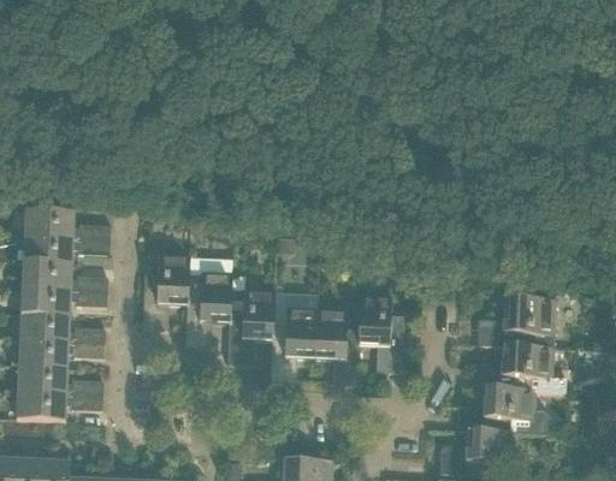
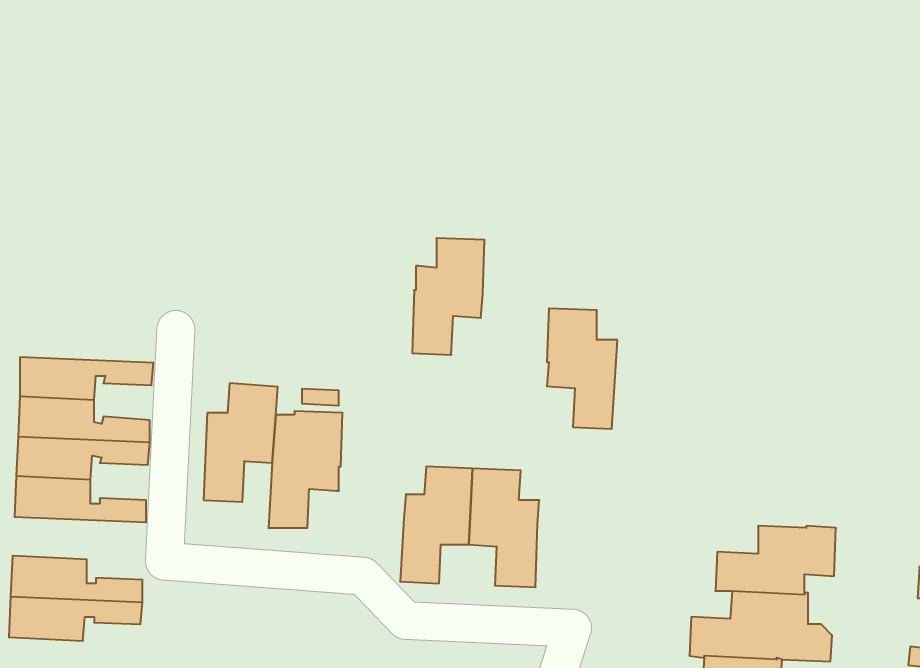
building: [23,209,109,240] -> none
building: [227,290,274,366] -> [412,238,485,355]
building: [359,295,404,373] -> [547,308,617,429]
building: [476,297,555,348] -> none
building: [18,340,105,368] -> none

